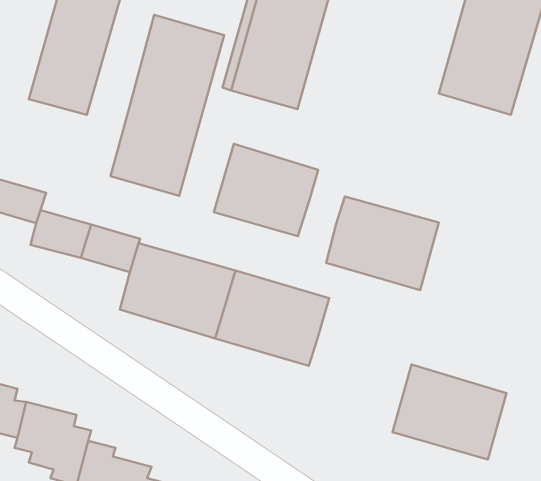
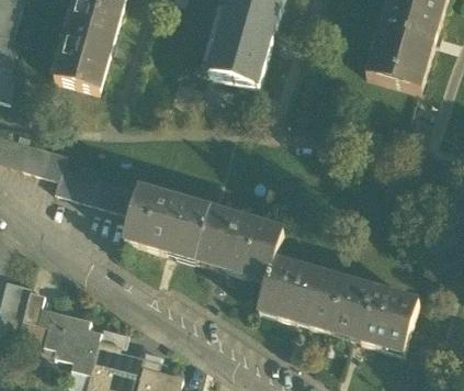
building: [111,15,224,196] -> none
building: [214,144,318,236] -> none
building: [326,196,439,290] -> [258,259,343,331]

